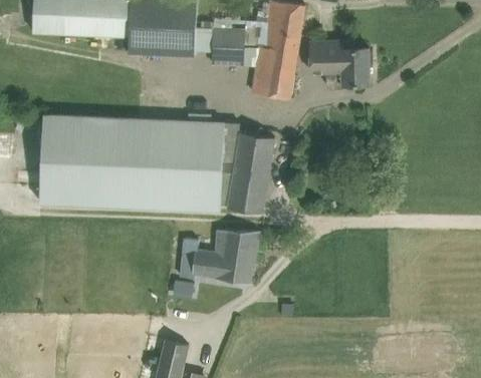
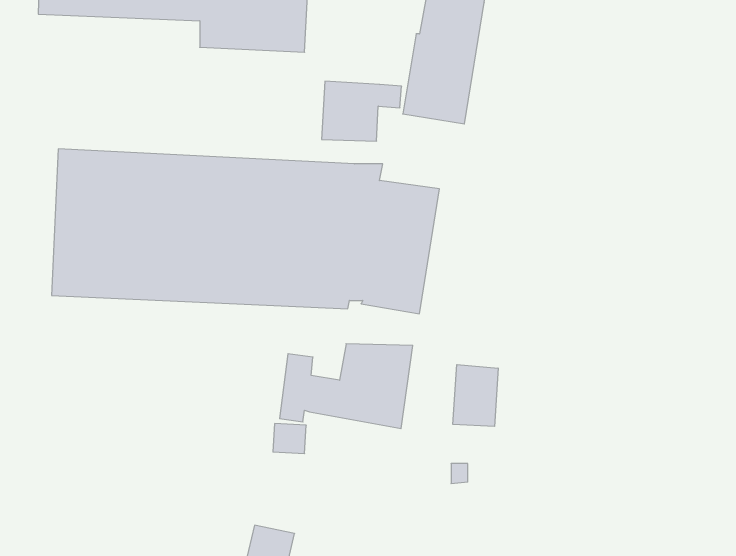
building: [210,29,258,65] -> [322,81,402,141]
building: [310,41,370,90] -> none
building: none -> [453,365,498,426]

